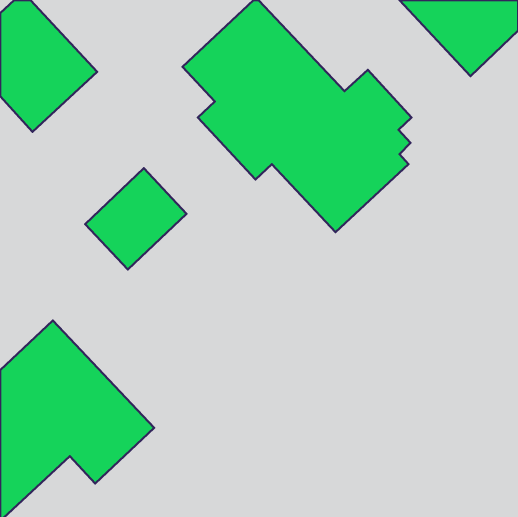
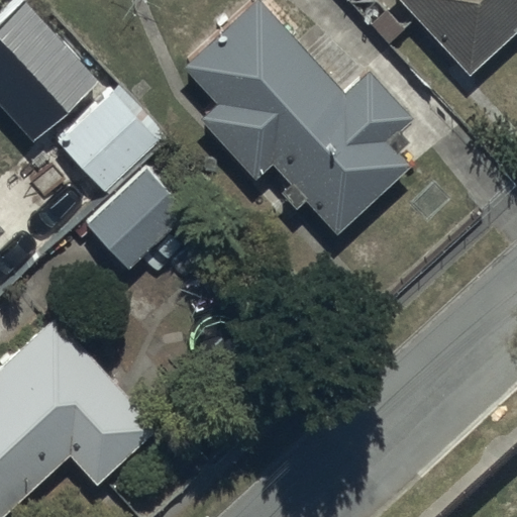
building: none -> [57,85,165,192]

